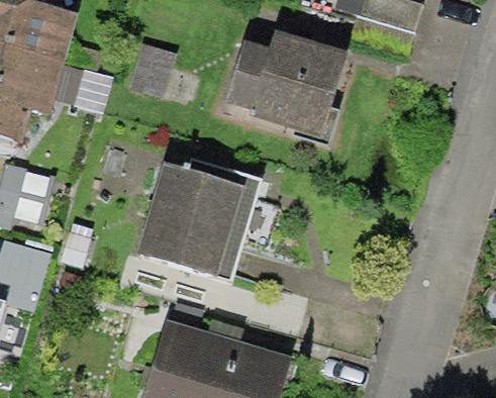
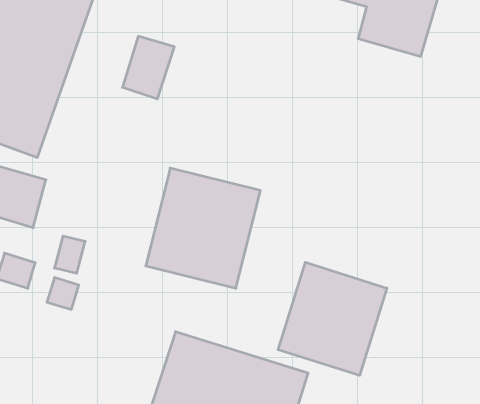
building: [210,30,343,139] -> none
building: none -> [278,262,387,375]

